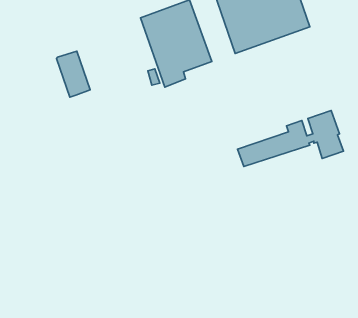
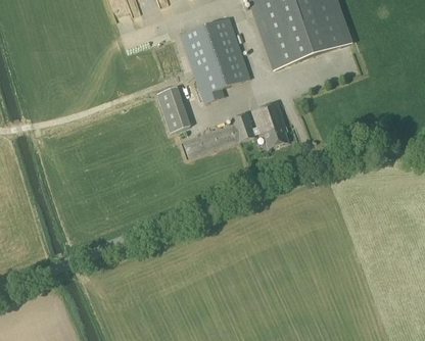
building: [56,51,90,97] -> [156,86,190,132]
building: [238,110,344,166] -> [183,101,289,157]

